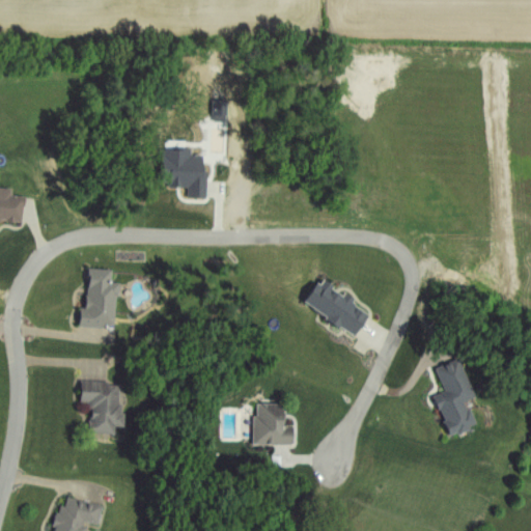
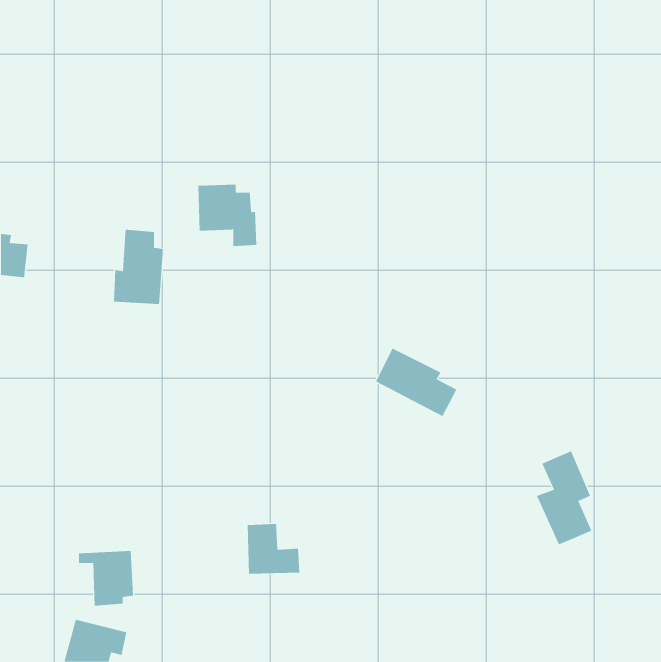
building: [79,267,119,327] -> [113,229,164,305]
building: [78,389,122,434] -> [78,550,134,606]
building: [253,404,296,445] -> [247,523,300,574]

